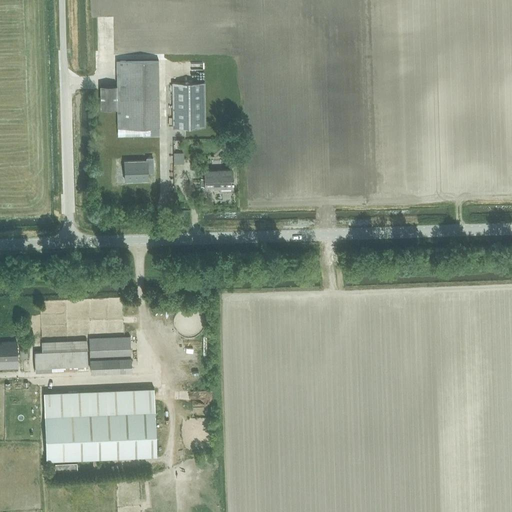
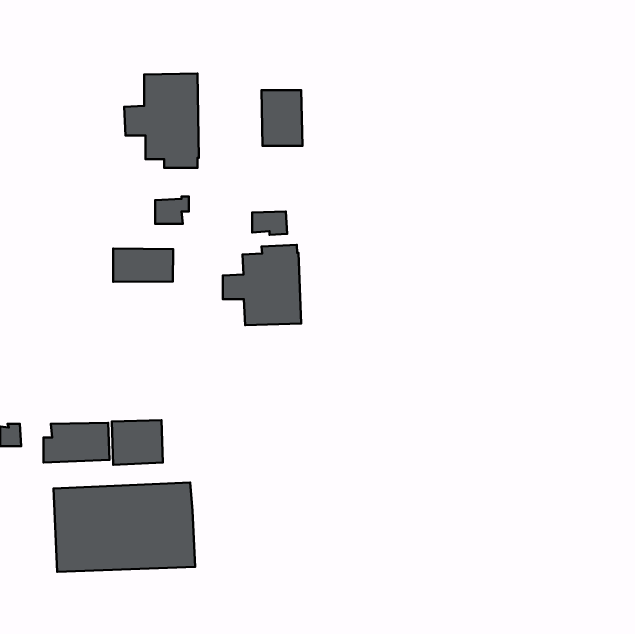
building: [172,84,205,129] -> [261,90,302,146]
building: none -> [223,245,301,325]
building: none -> [113,248,173,282]

